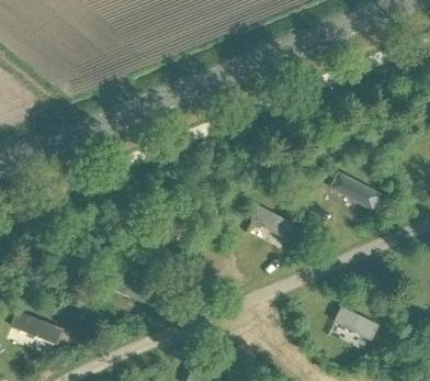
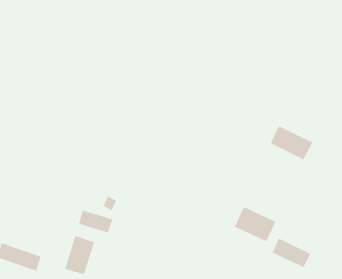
building: [247,206,296,248] -> [234,206,276,242]
building: none -> [65,235,95,275]

